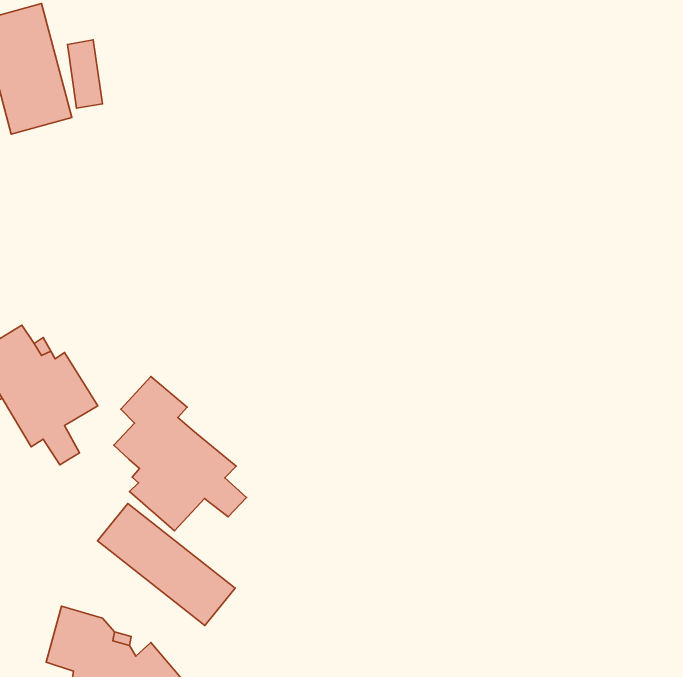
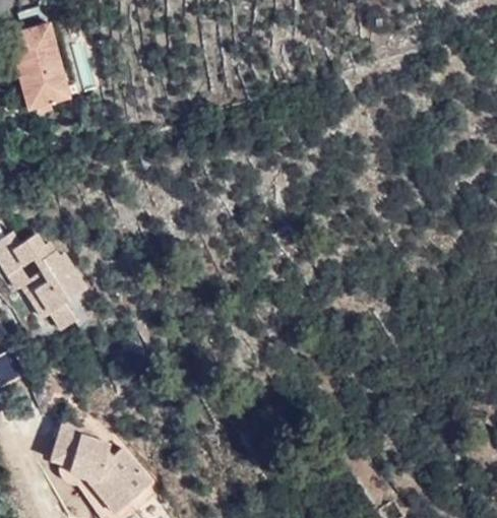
building: [114,377,246,531] -> none
building: [97,503,235,626] -> none

